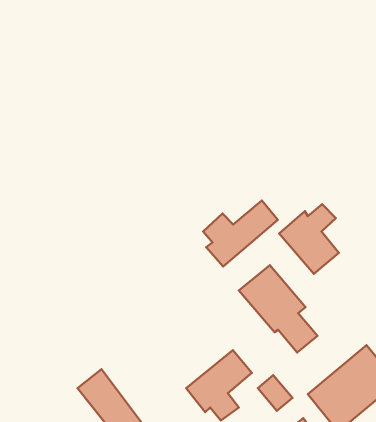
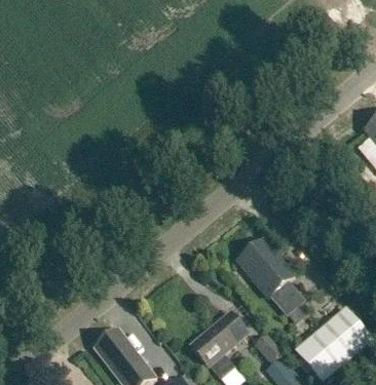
building: [203,201,278,266] -> none
building: [279,204,339,274] -> none

